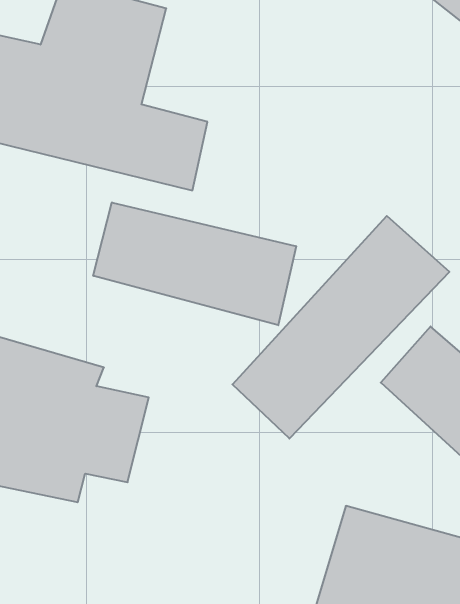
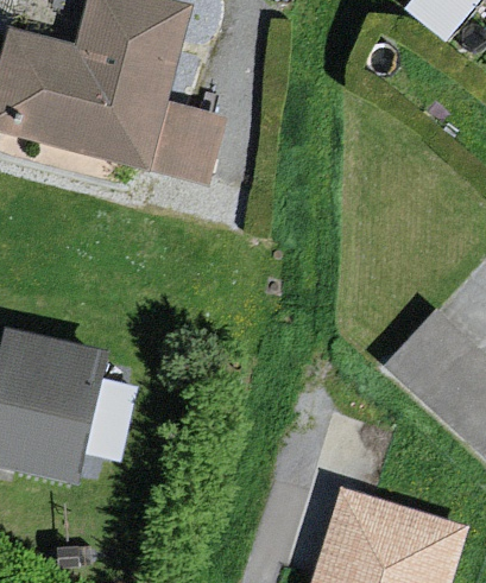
building: [93,202,296,325] -> none
building: [232,216,449,439] -> none

